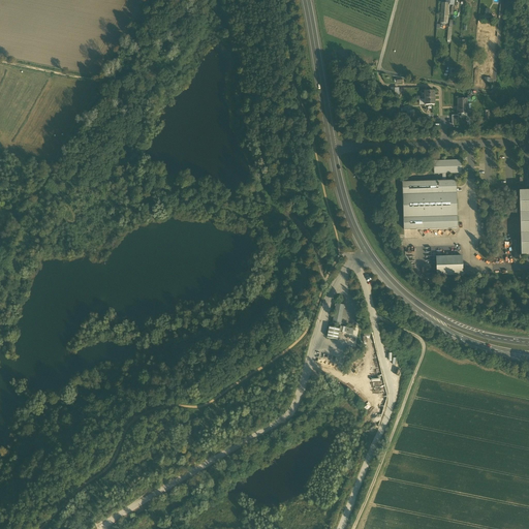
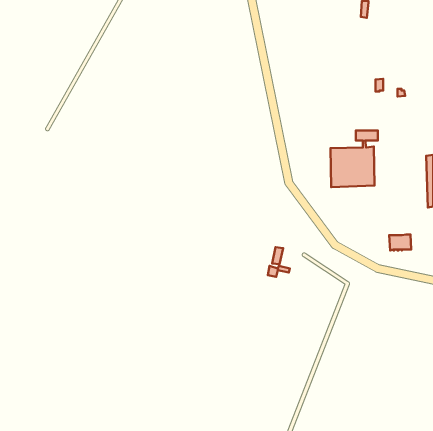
building: [436,254,463,274] -> [389,234,411,250]

